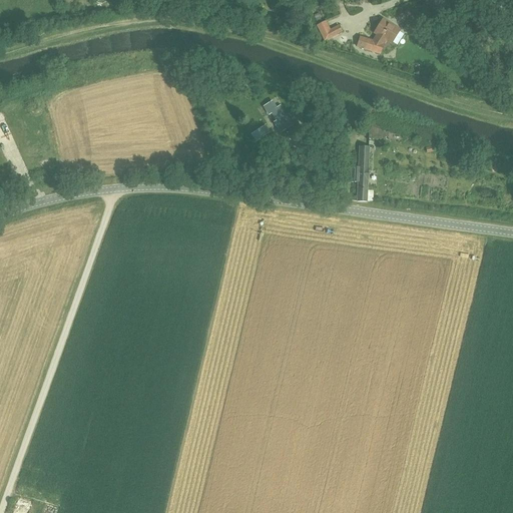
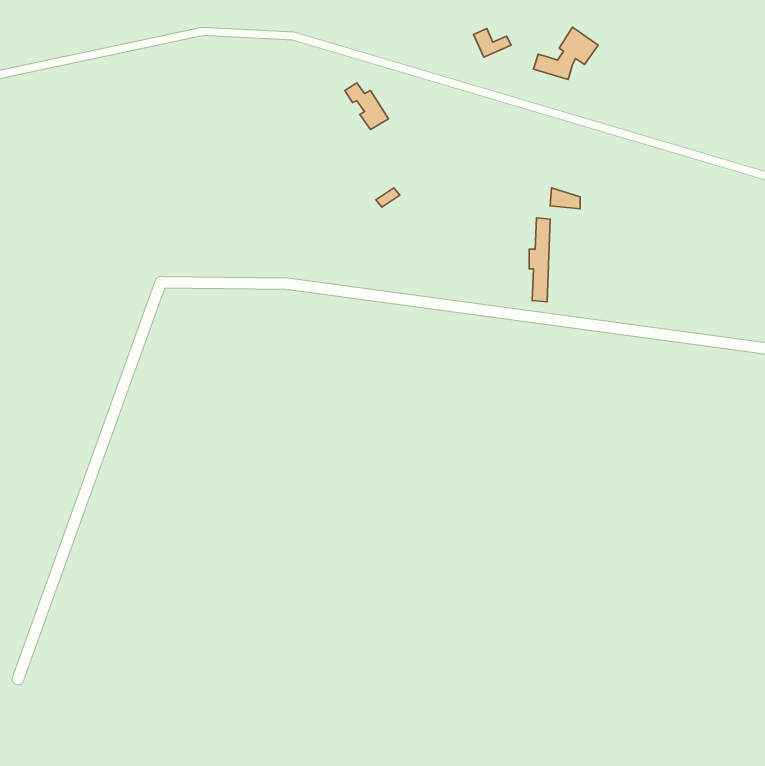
building: [262,100,291,131] -> [345,83,389,129]

